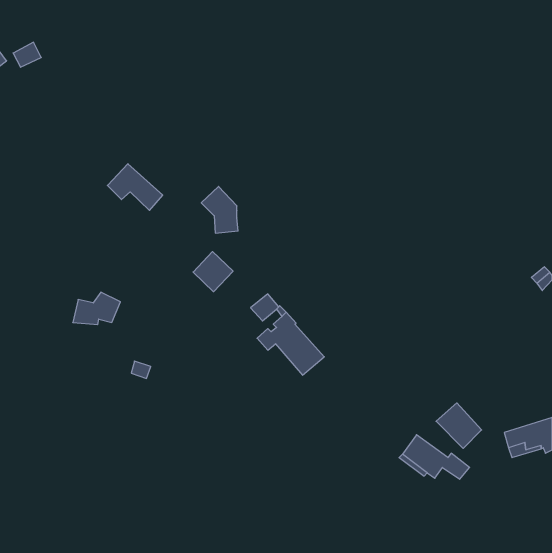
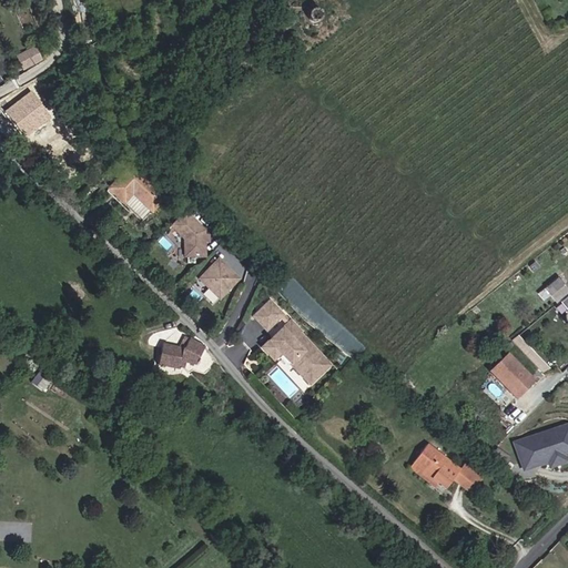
building: none -> [4,93,44,132]
building: [201,186,238,233] -> [171,211,209,258]
building: [73,292,120,325] -> [159,335,207,368]
building: [436,403,482,448] -> [487,353,534,399]

